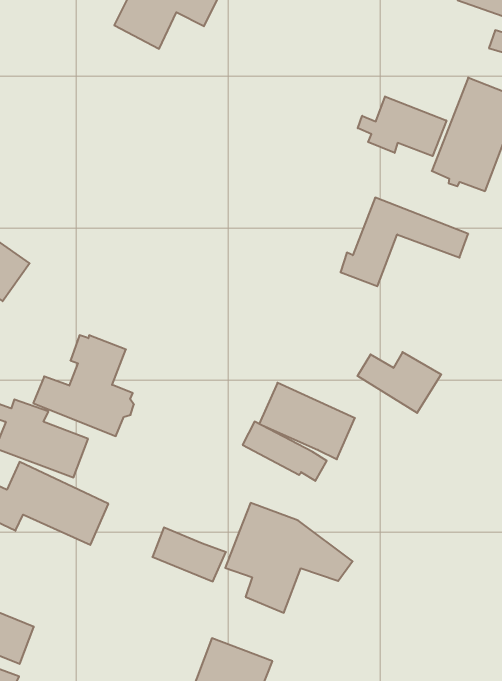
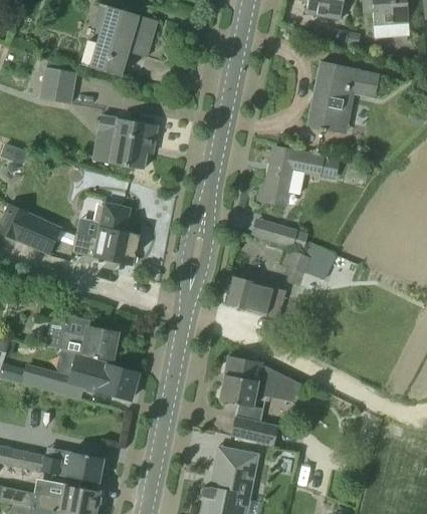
building: none -> [39,68,76,103]
building: [358,96,446,156] -> none
building: none -> [97,116,158,170]
building: [33,335,134,436] -> [76,204,141,265]
building: [243,422,327,481] -> [253,218,308,249]
building: [152,527,226,581] -> [231,417,277,446]

